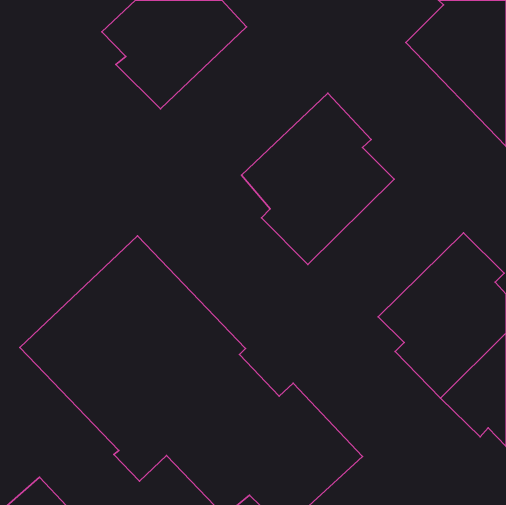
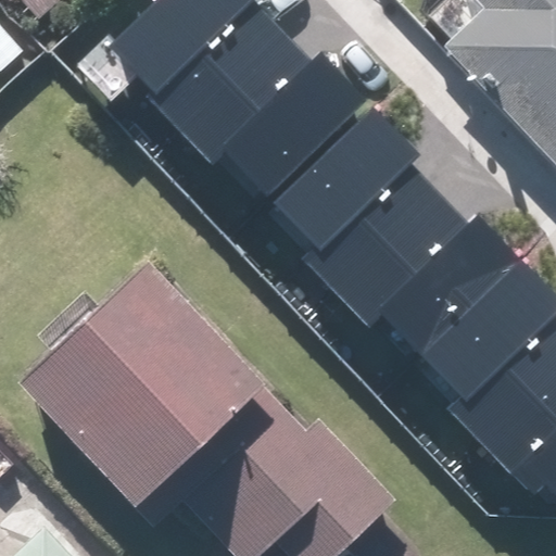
building: none -> [176,30,359,193]
building: none -> [338,198,508,349]

